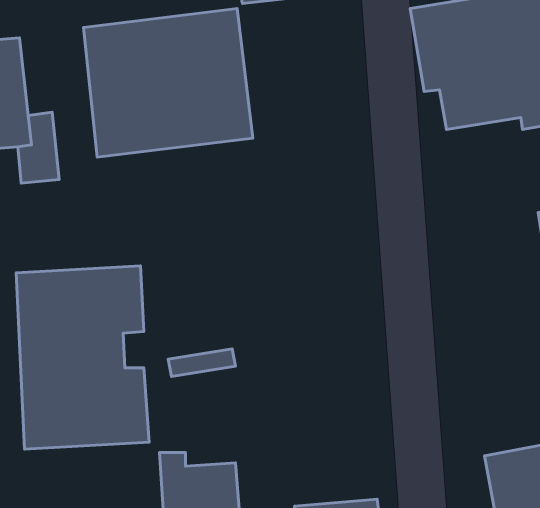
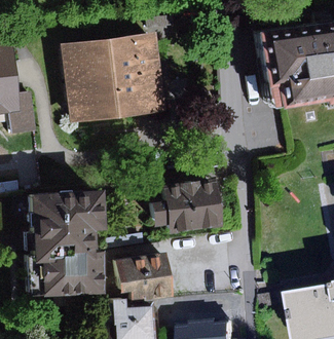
building: none -> [142,180,213,231]
building: none -> [109,253,168,300]

